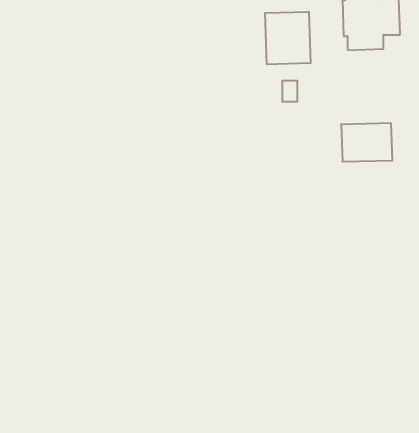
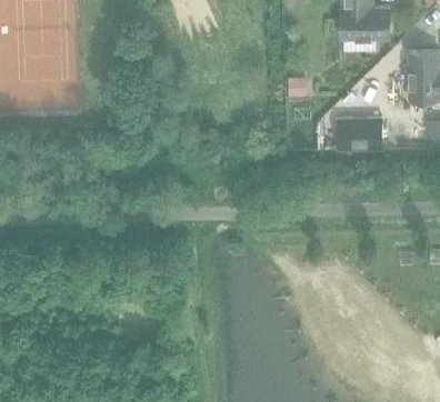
building: [265,12,311,64] -> none

